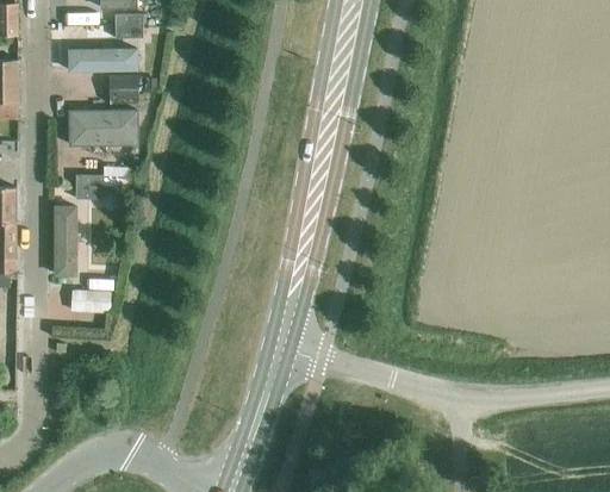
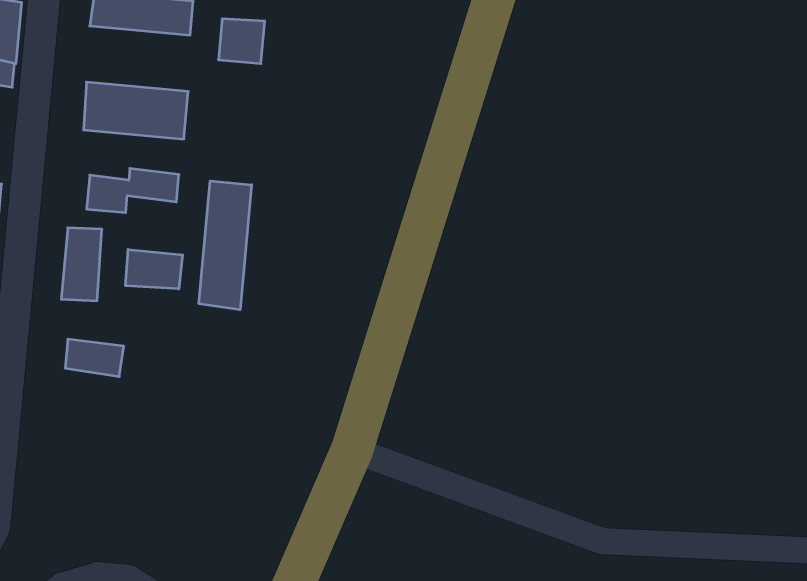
building: [107,73,137,102] -> [218,19,265,64]
building: none -> [199,181,252,310]
building: none -> [126,249,183,289]

